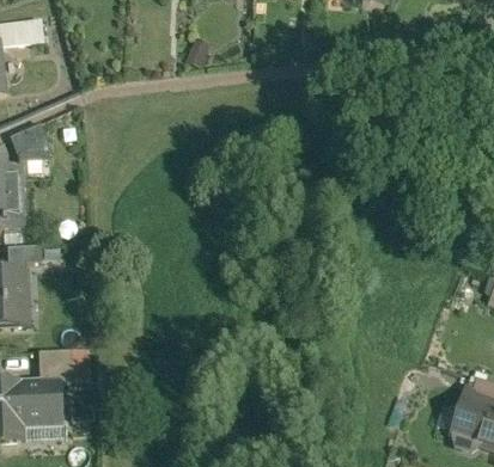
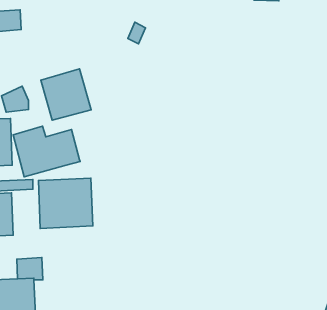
building: none -> [41,69,91,120]
building: none -> [13,126,80,177]
building: none -> [38,178,93,228]

